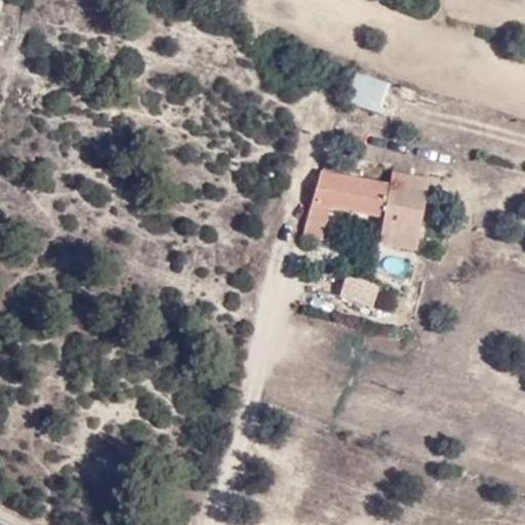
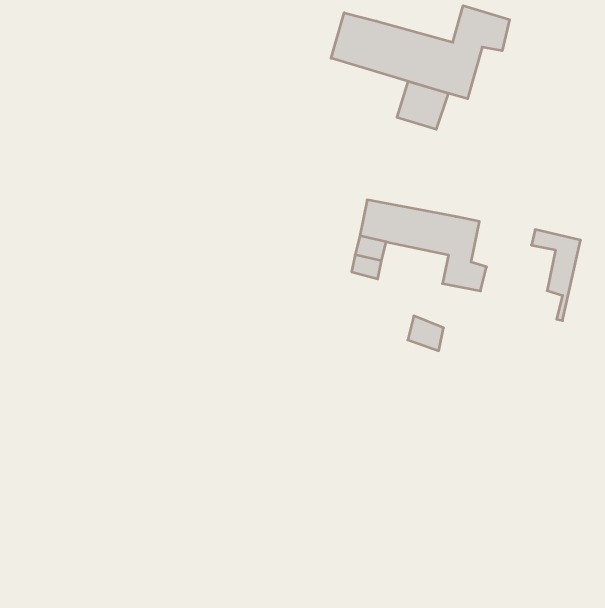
building: none -> [331,6,510,99]
building: [391,172,433,250] -> [531,230,581,321]

